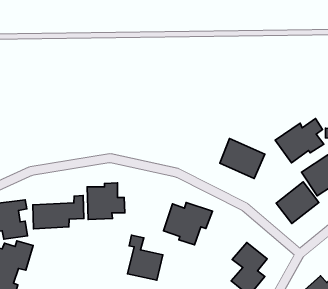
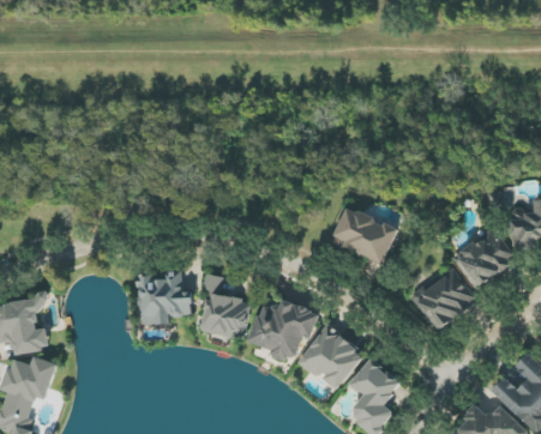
building: [275,119,324,163] -> none
building: [33,195,84,229] -> none
building: none -> [297,324,365,388]
building: [128,235,163,280] -> [199,273,251,339]

